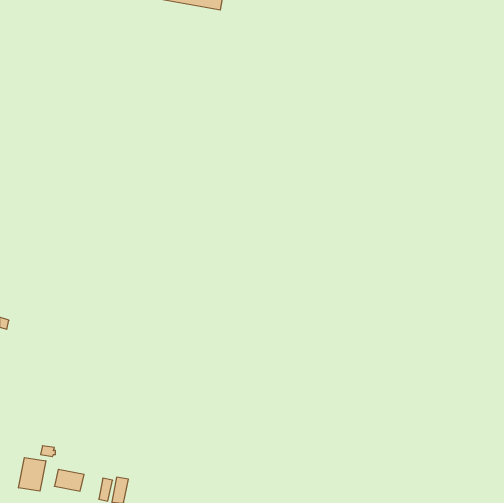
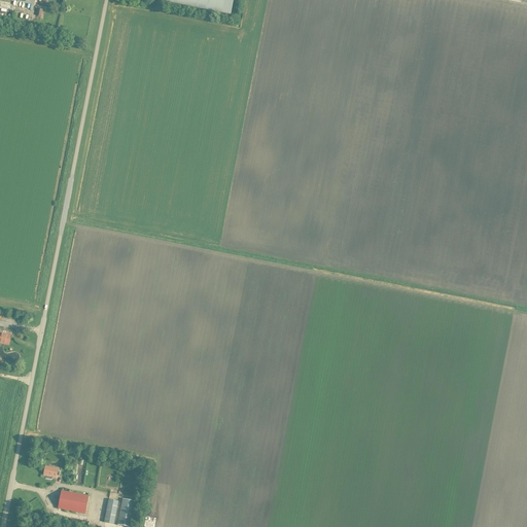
building: [19,458,46,491] -> none

